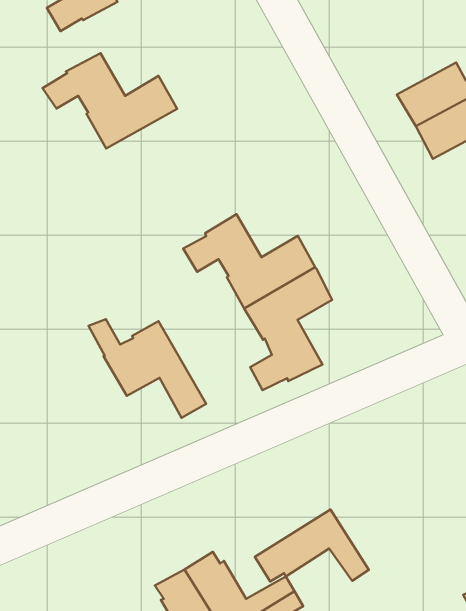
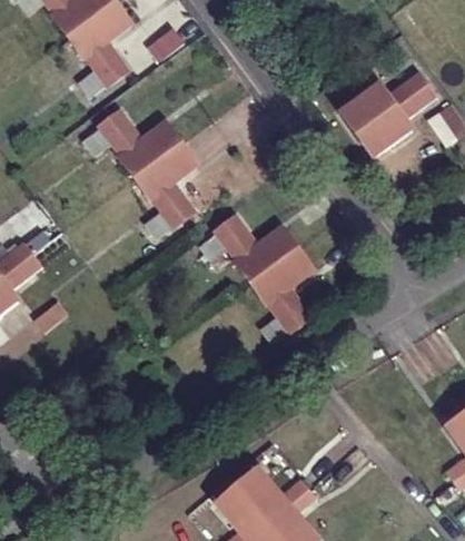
building: none -> [135,144,198,237]
building: [88,319,206,418] -> none
building: [255,510,369,582] -> none

